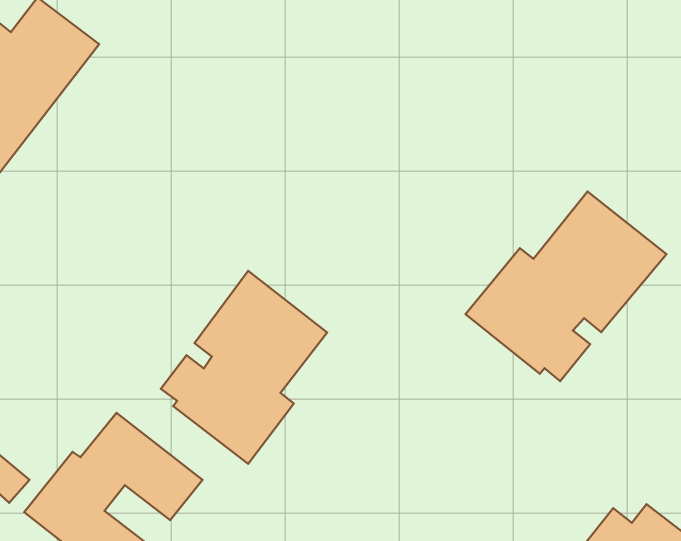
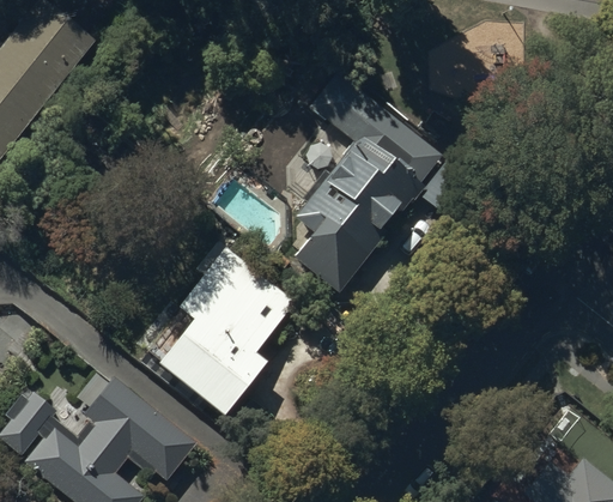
building: none -> [295,71,463,291]
building: [466,191,666,381] -> none

